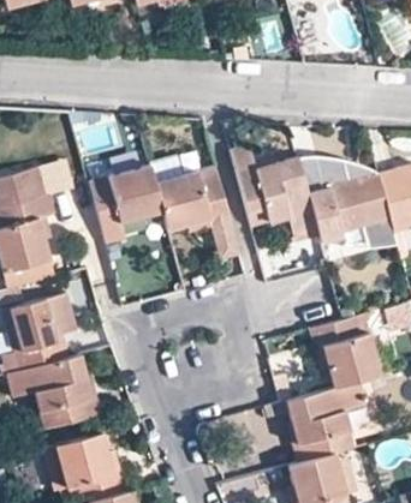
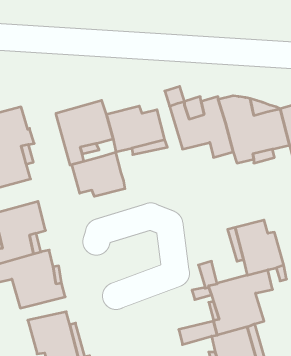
building: none -> [72,152,125,196]

